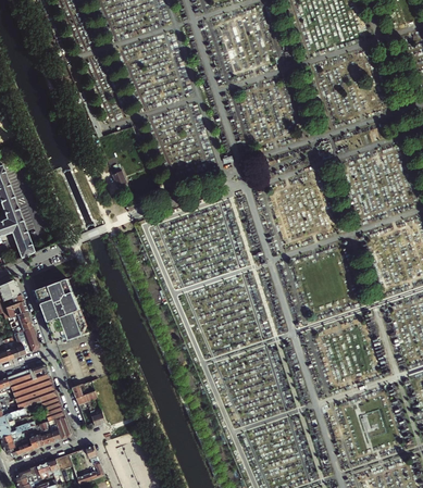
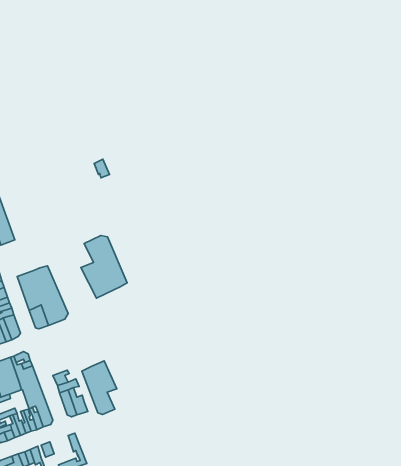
building: none -> [81,236,127,298]
building: none -> [82,361,117,414]

